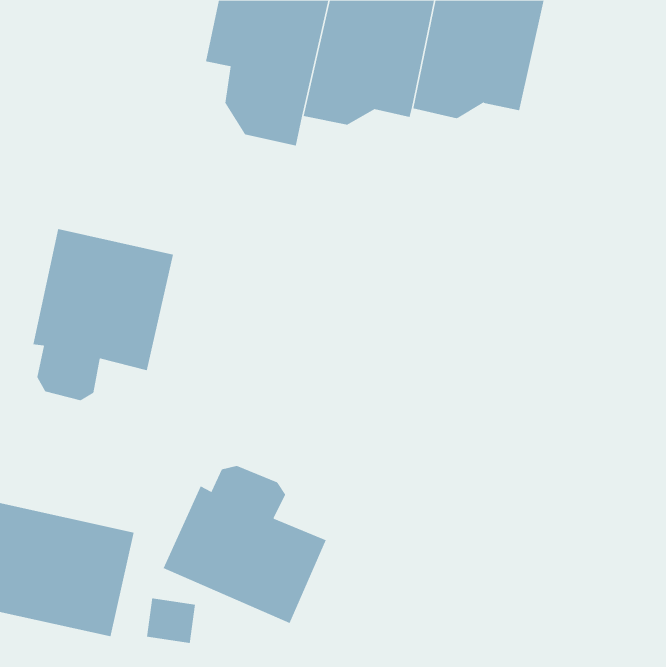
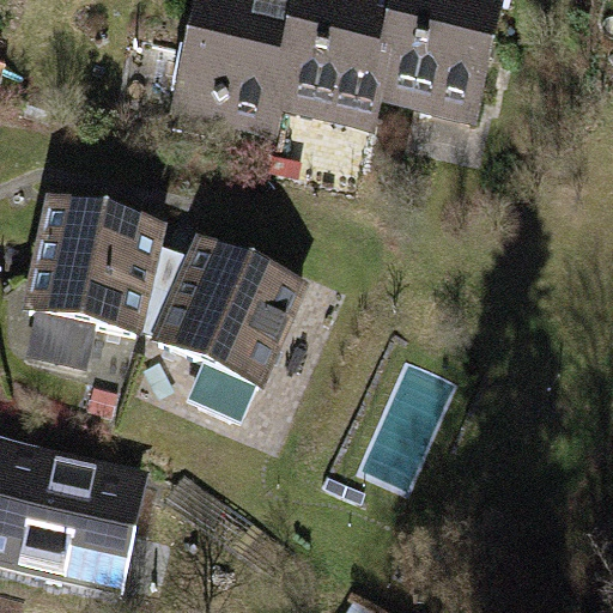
building: none -> [159,248,301,424]
building: [163,465,326,624] -> none

